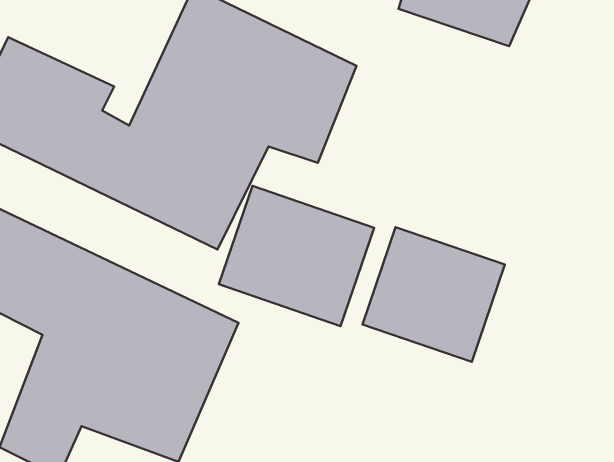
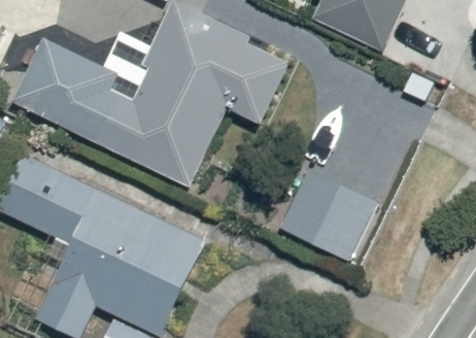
building: [219,186,374,326] -> none

